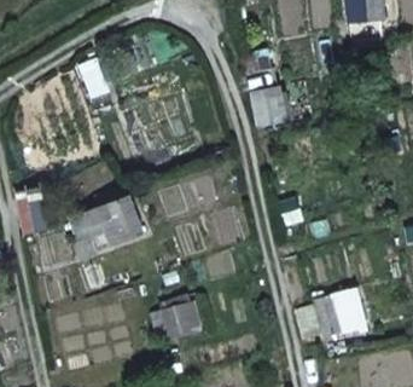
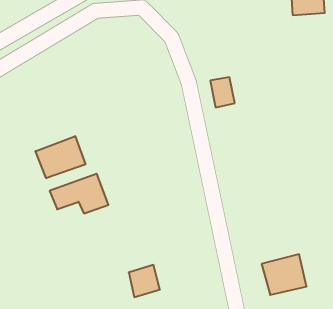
building: none -> [35,136,85,178]

